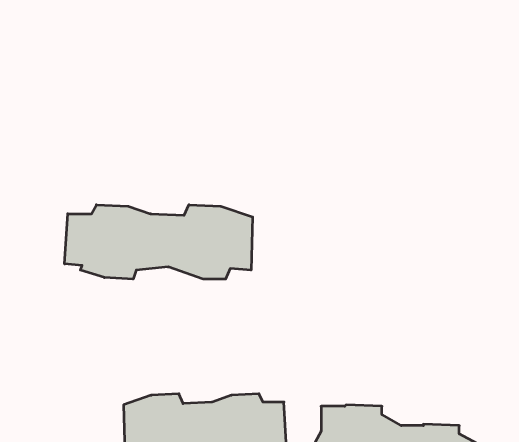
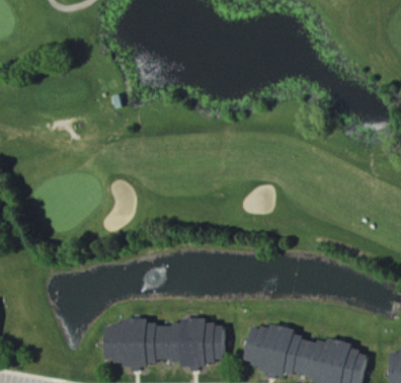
building: [65,205,253,279] -> none

